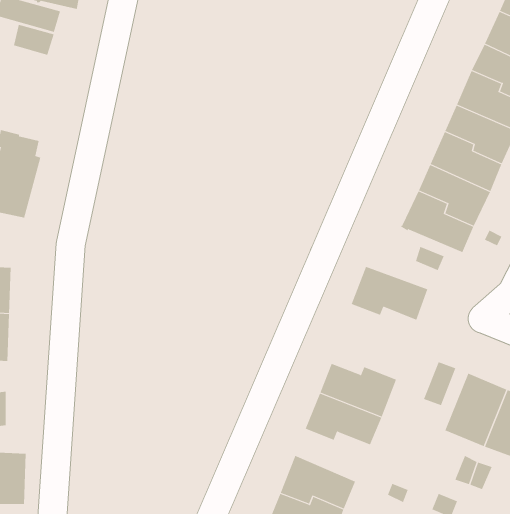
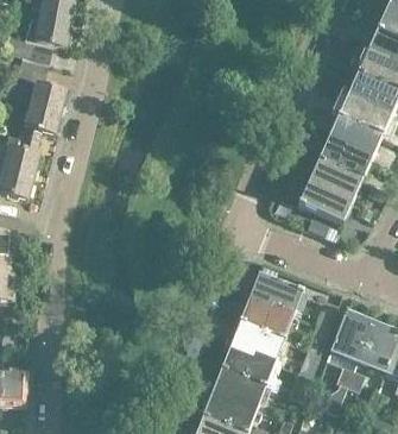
building: none -> [23,82,64,143]
building: [351,266,428,320] -> [247,276,303,315]
building: none -> [221,351,276,389]

